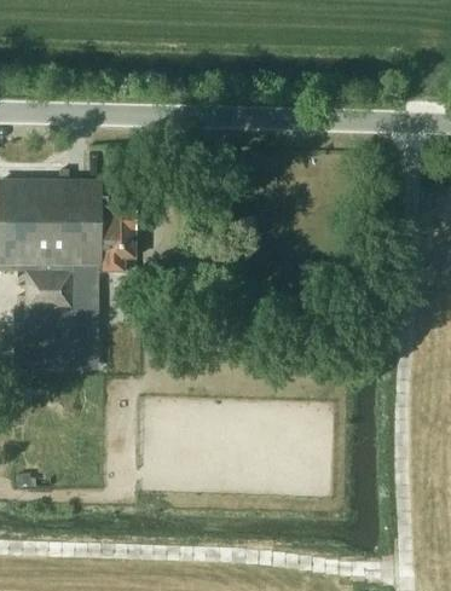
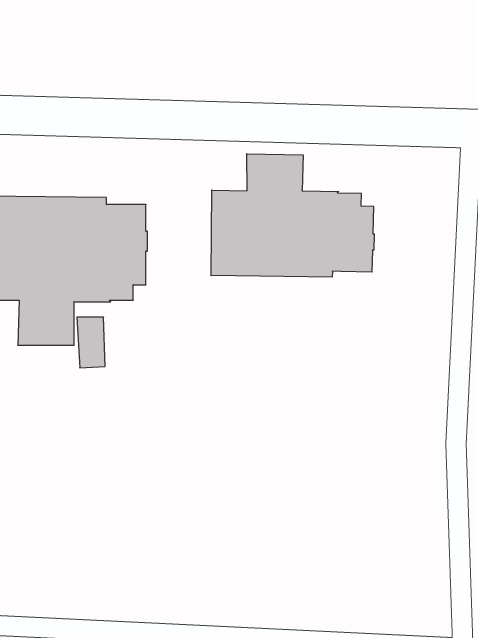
building: none -> [211,154,374,277]

